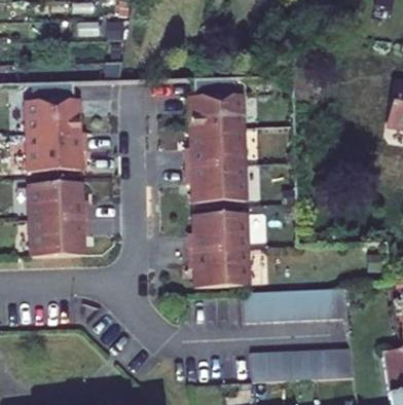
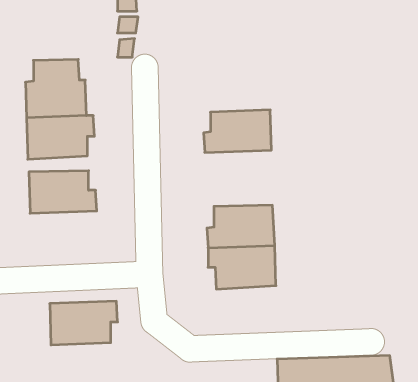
building: [189,77,244,131] -> none
building: [185,164,246,204] -> none
building: [29,219,89,258] -> [50,301,118,345]
building: [243,290,347,322] -> none

